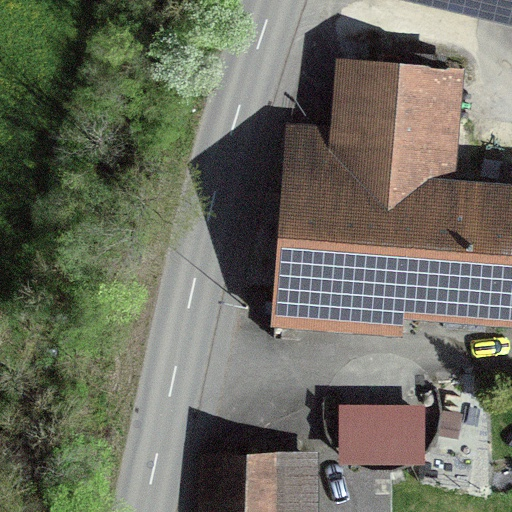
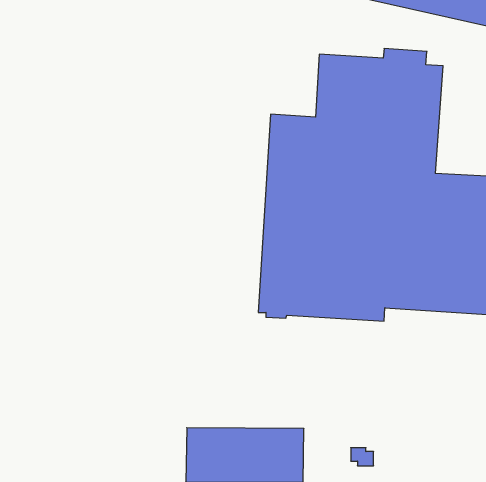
building: [338,402,427,464] -> none

